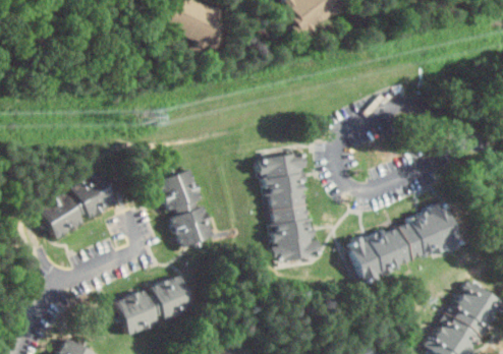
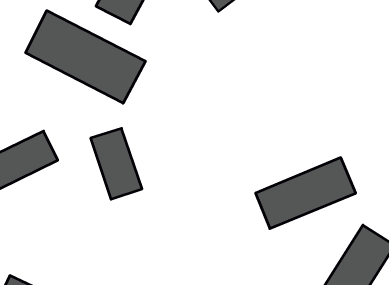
building: none -> [26,11,145,103]
building: [258,152,317,261] -> none
building: [111,275,195,335] -> none

